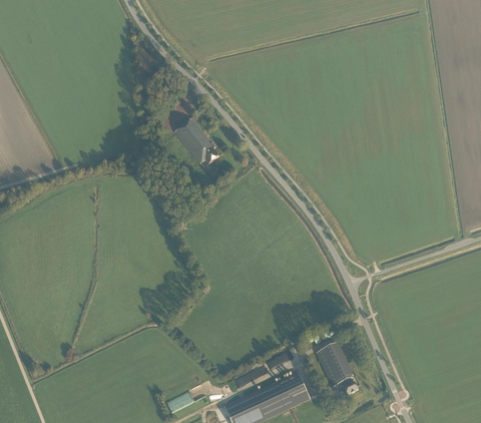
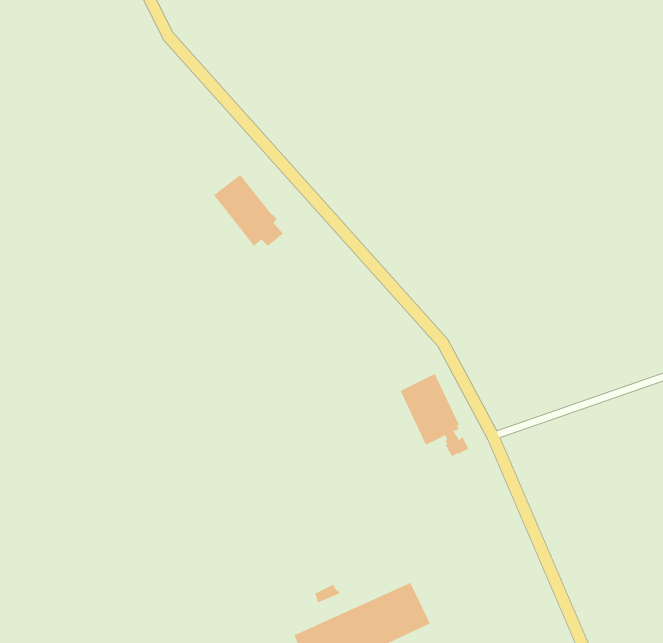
building: [316,342,359,394] -> [400,373,469,457]

